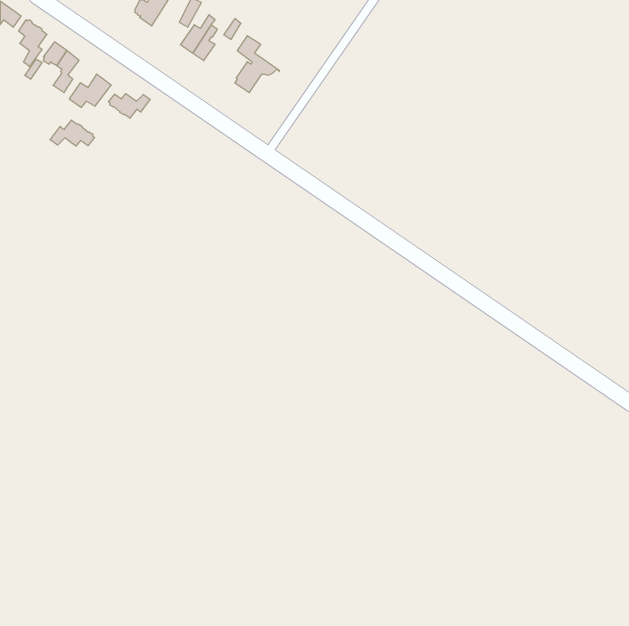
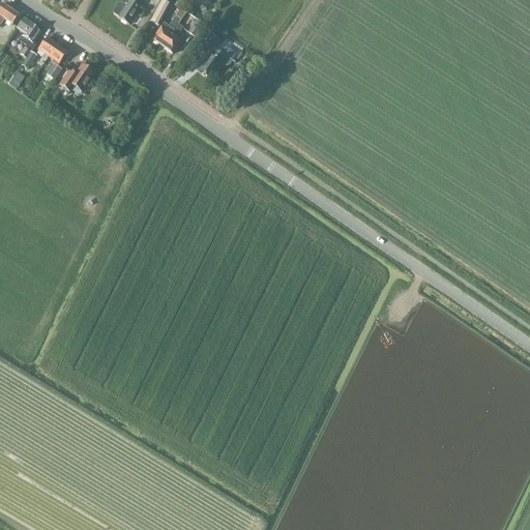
building: [108,94,150,118] -> none
building: [50,120,95,146] -> none

